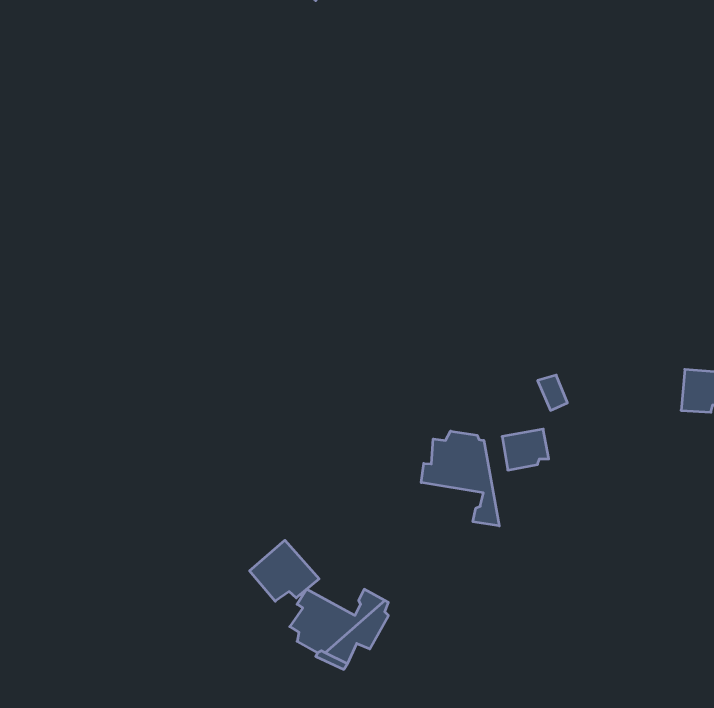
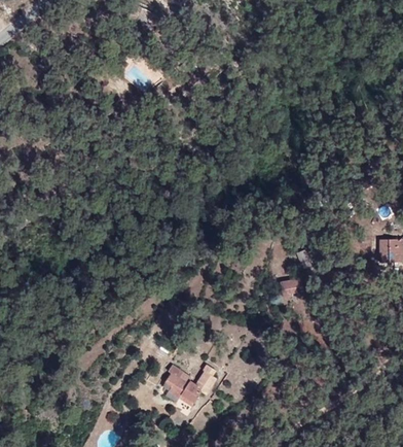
building: [421,431,499,526] -> none
building: [250,540,319,601] -> none

